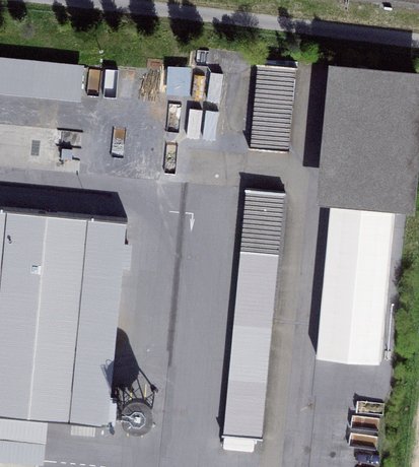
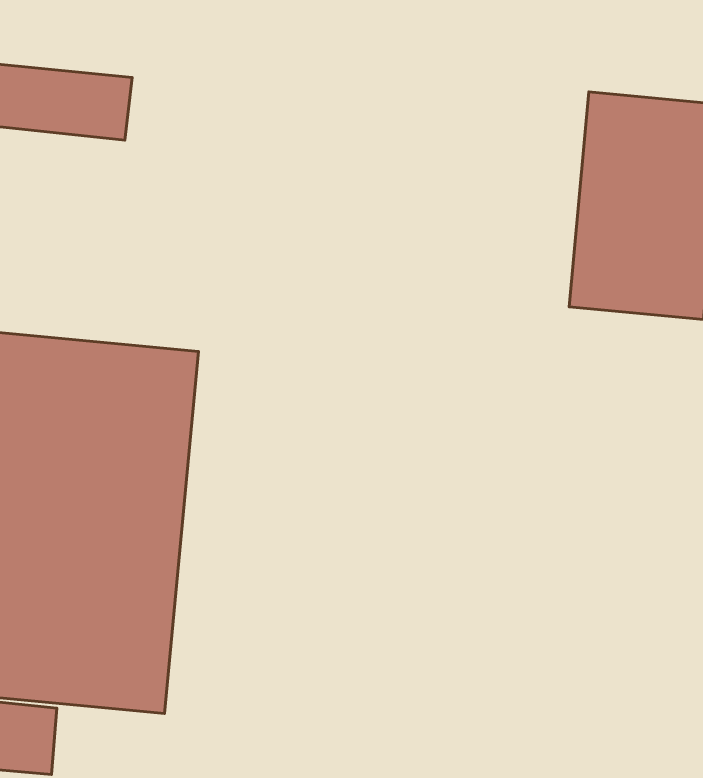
building: [252,66,291,153] -> none
building: [225,191,280,441] -> none
building: [317,205,391,361] -> none

